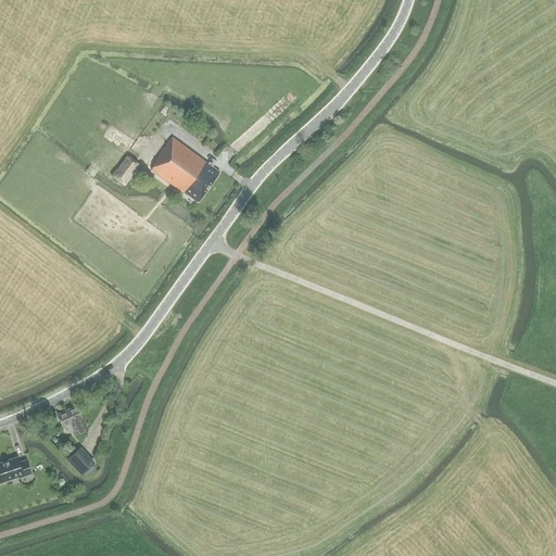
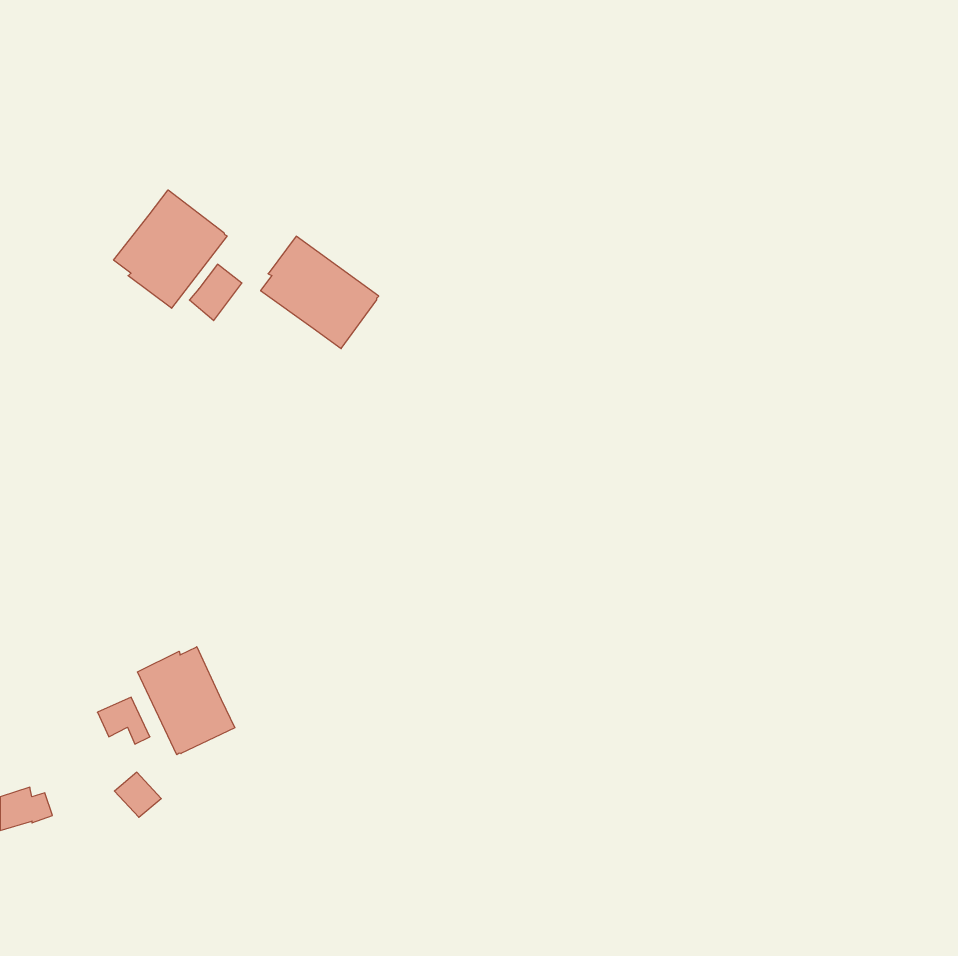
building: none -> [114,190,227,308]
building: none -> [137,647,235,755]

